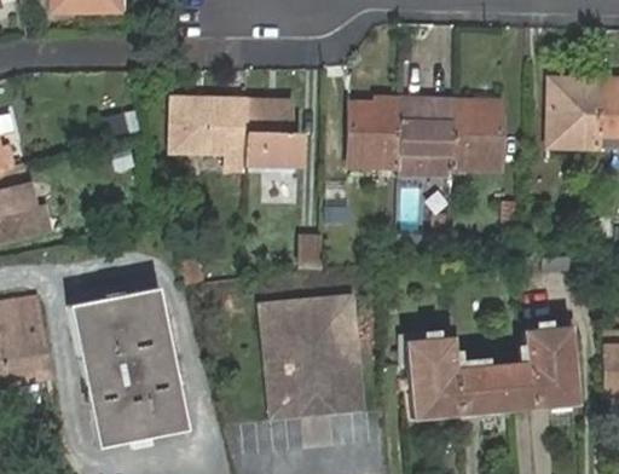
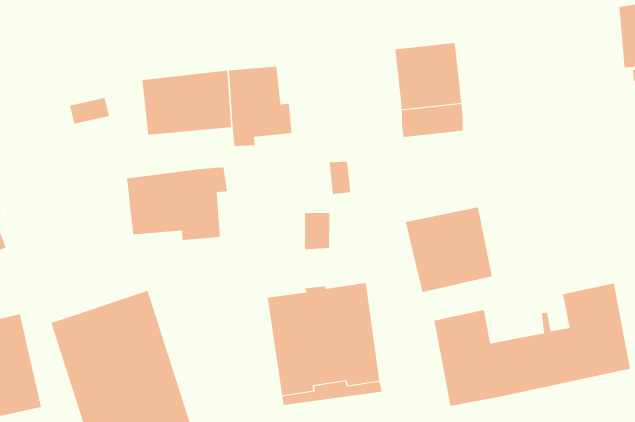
building: [553,82,601,150] -> none
building: [351,98,399,164] -> none
building: [453,98,505,164] -> none
building: none -> [126,167,228,241]
building: none -> [405,207,492,293]

